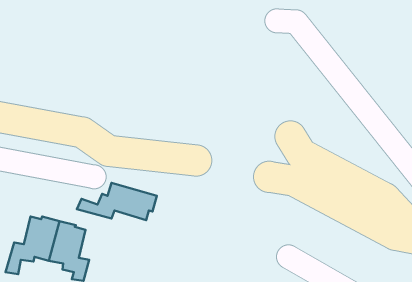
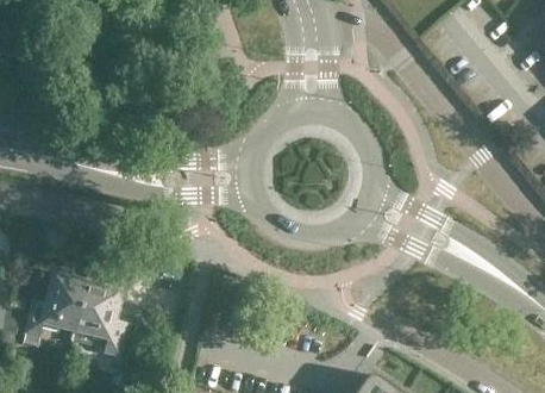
building: [77,183,157,220] -> none

